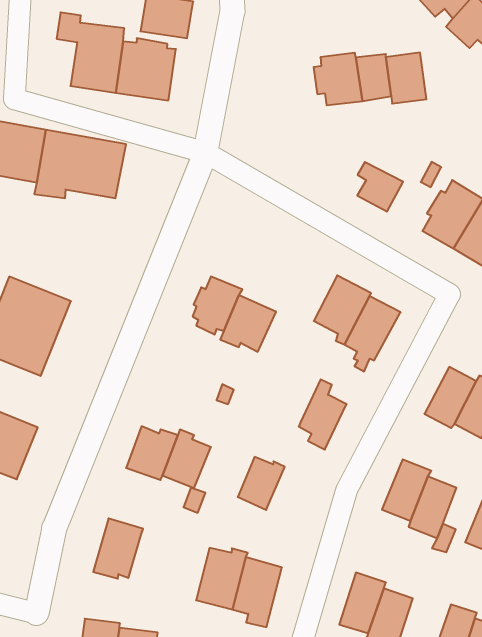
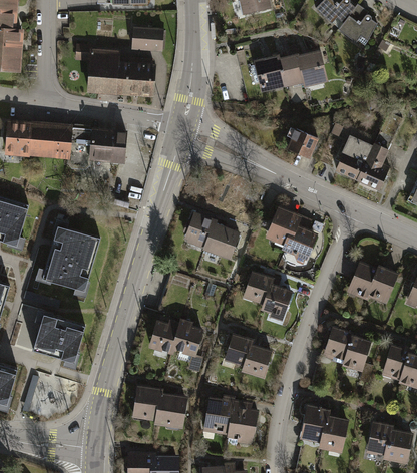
building: none -> [243,271,274,306]
building: none -> [244,337,274,380]
building: none -> [154,391,188,431]

